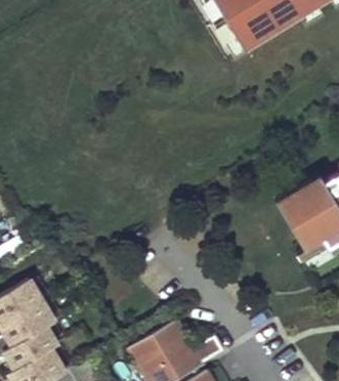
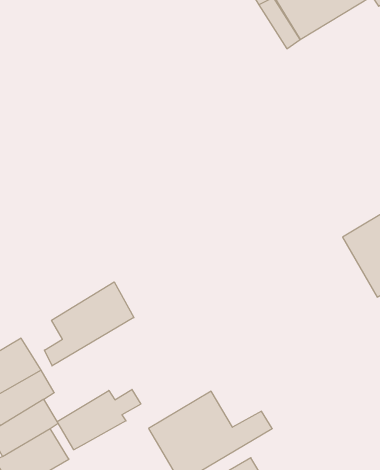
building: none -> [44,282,134,366]
building: none -> [57,389,141,450]

